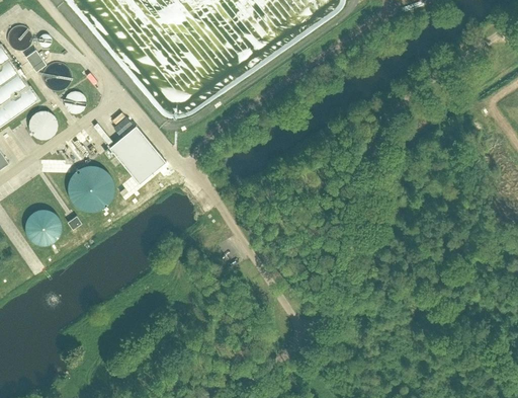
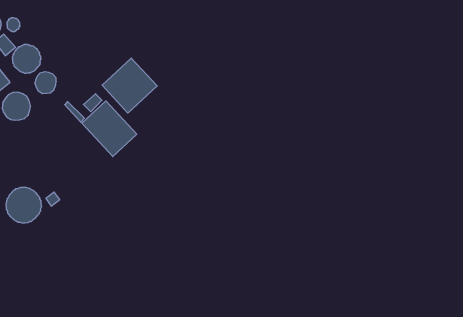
building: none -> [102,58,157,113]
building: [67,165,113,213] -> none

